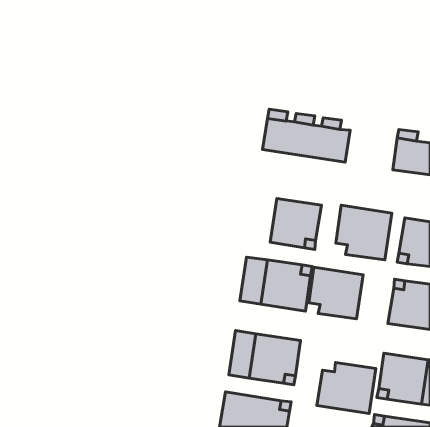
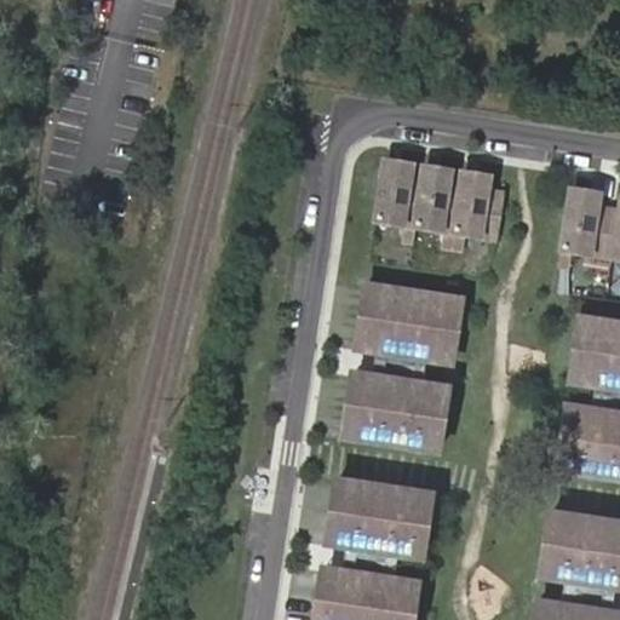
building: none -> [358,281,398,349]
building: [336,205,392,260] -> none
building: [309,267,363,319] -> none
building: [317,362,376,414] -> none

